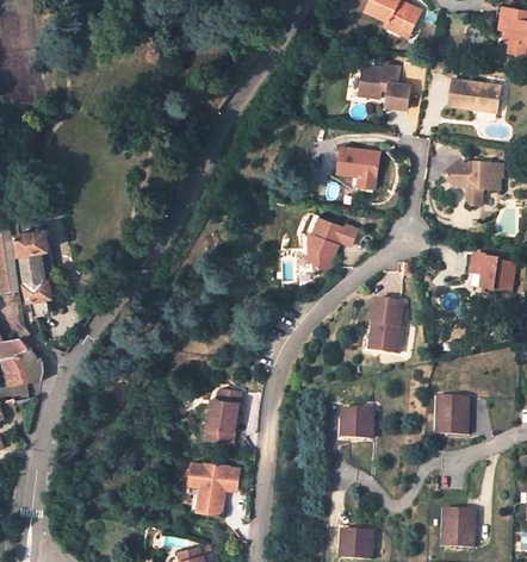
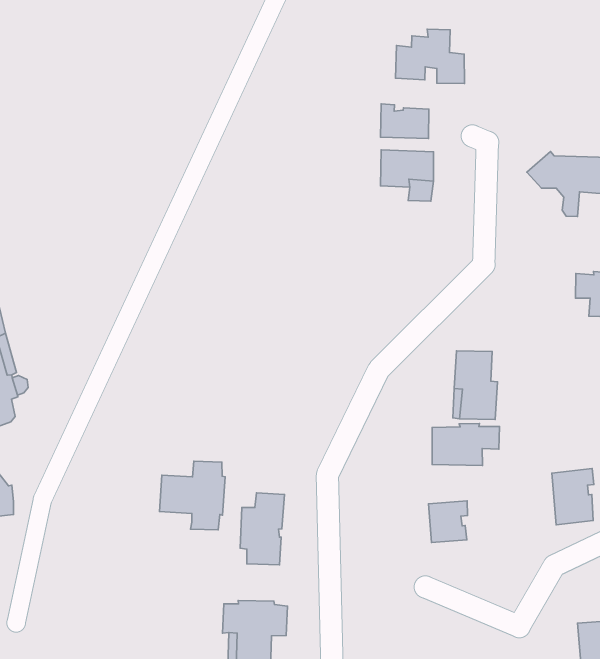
building: [451,76,502,112] -> none
building: none -> [380,104,429,139]
building: [306,216,358,266] -> none
building: none -> [432,424,500,465]
building: none -> [160,461,225,530]

